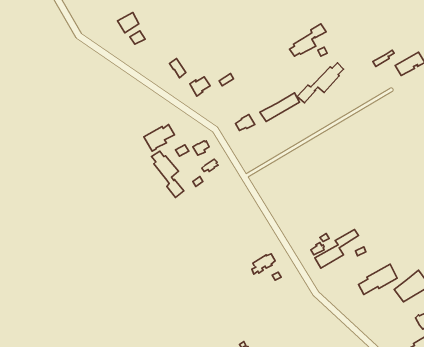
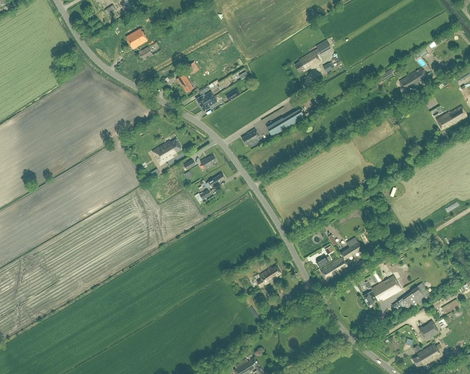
building: [297,63,344,103] -> none
building: [152,151,184,197] -> none

